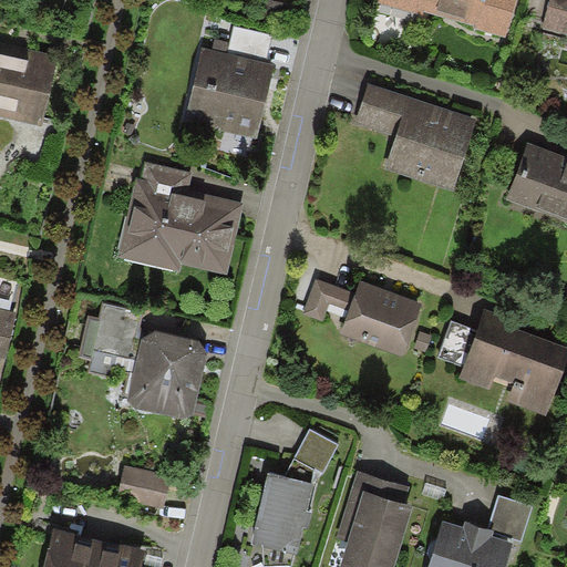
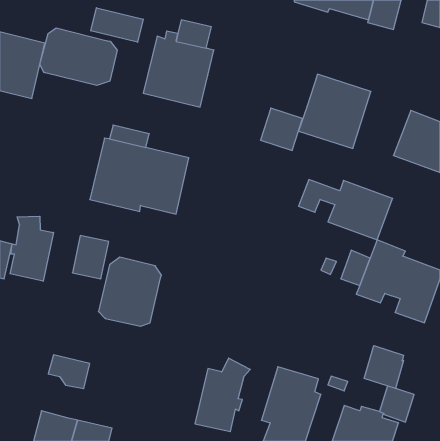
building: none -> [91,8,143,42]
building: none -> [40,28,117,85]
building: [353,82,408,136] -> [260,108,303,150]
building: none -> [10,216,53,281]
building: [301,279,422,357] -> [299,180,393,240]
building: [293,430,337,474] -> none
building: none -> [364,346,403,388]
building: [117,465,171,508] -> [48,355,90,389]

